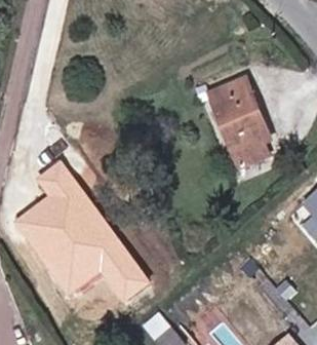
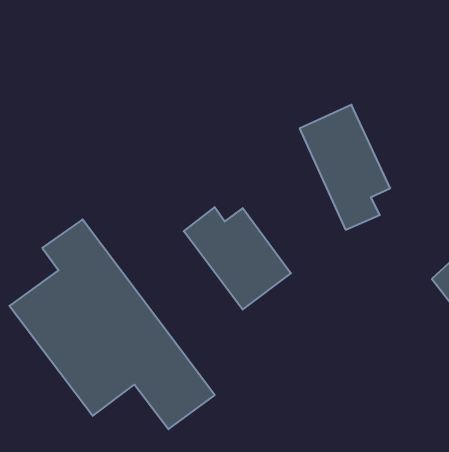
building: none -> [184,207,291,310]

